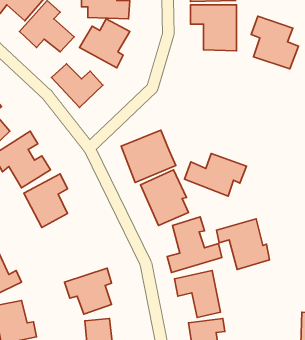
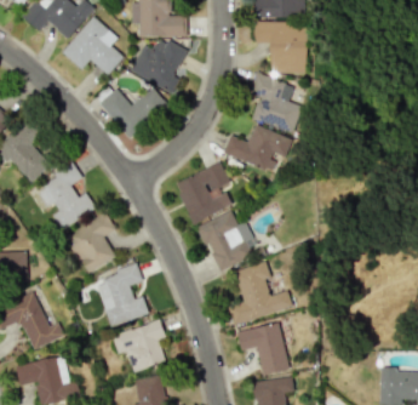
building: [251,16,298,69] -> [250,72,303,131]
building: [184,153,246,196] -> [223,124,293,172]
building: [216,219,269,269] -> none
building: none -> [96,266,149,326]

